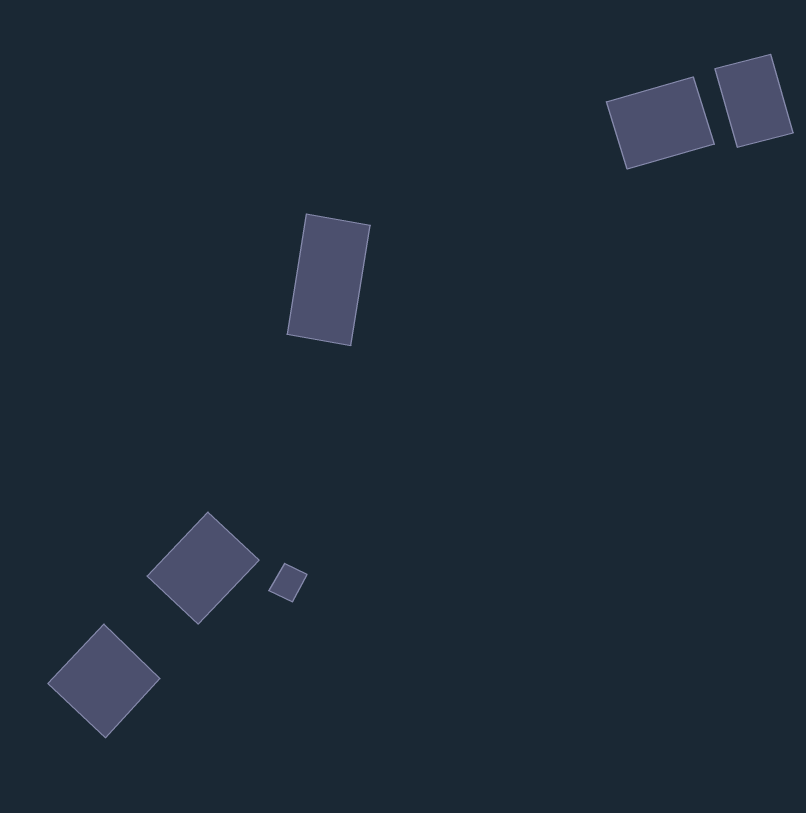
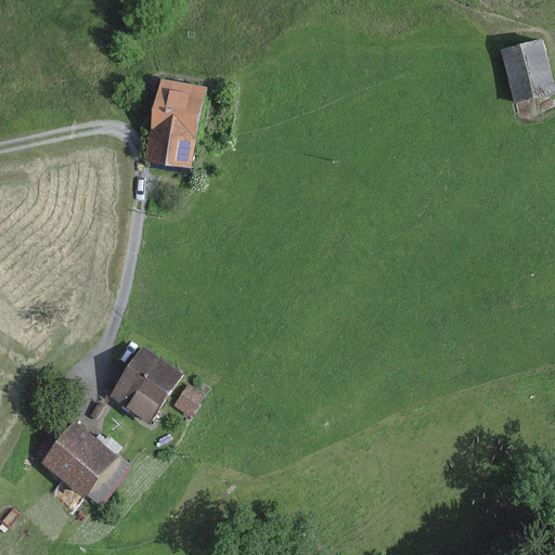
building: [606,77,714,169] -> none
building: [287,214,370,345] -> [150,79,206,168]

